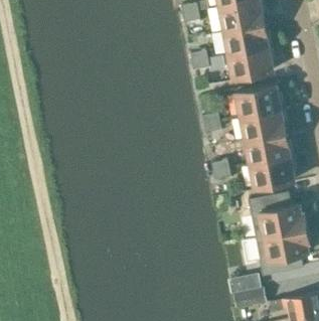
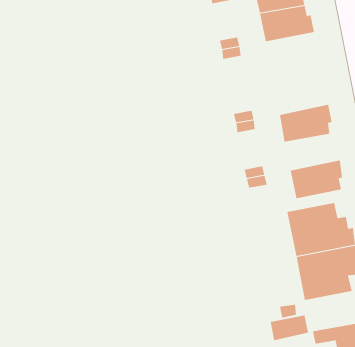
building: [228,46,274,78] -> none
building: [235,85,283,117] -> none
building: [245,133,293,164] -> none

